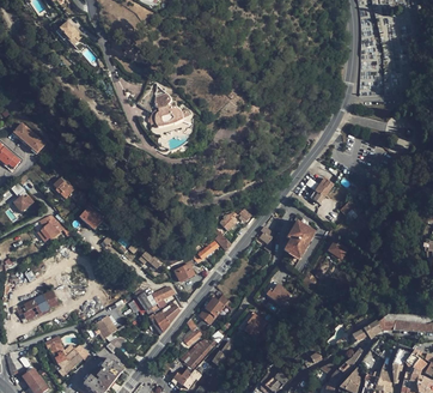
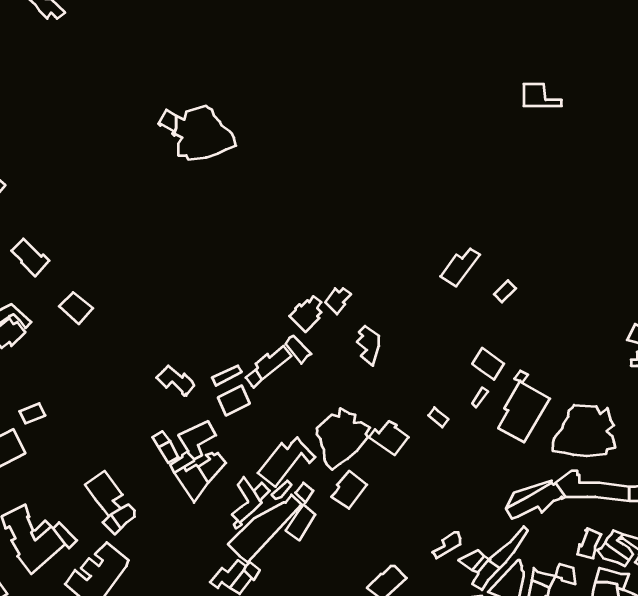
building: [285,214,316,258] -> [498,371,550,442]
building: none -> [553,405,615,456]
building: none -> [317,408,370,470]

